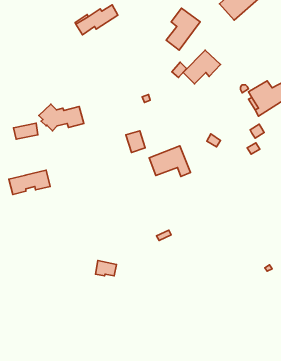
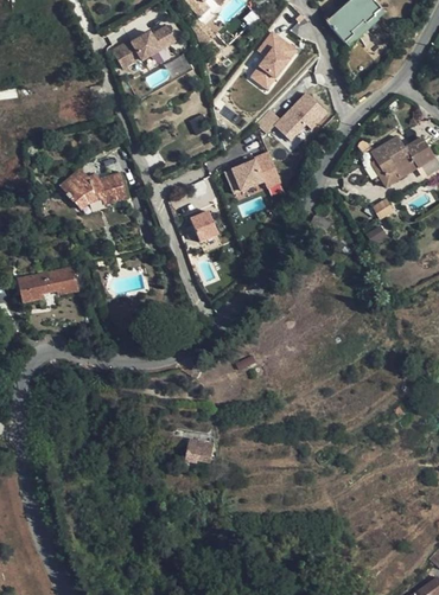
building: [13,123,38,139] -> none
building: [149,146,190,176] -> [224,151,285,196]
building: [95,261,116,276] -> [184,440,215,462]

